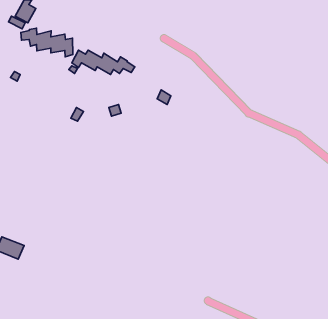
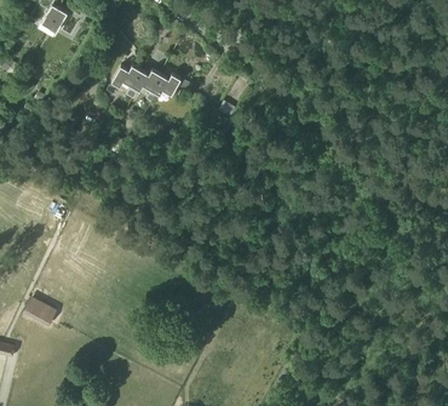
building: [21,28,73,57] -> none

